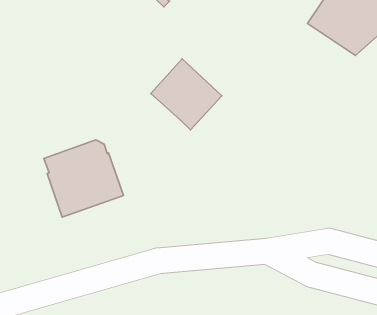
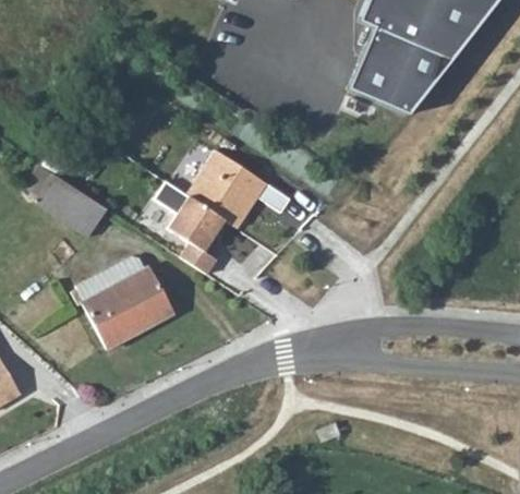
building: none -> [33,167,112,239]
building: none -> [154,184,226,273]

